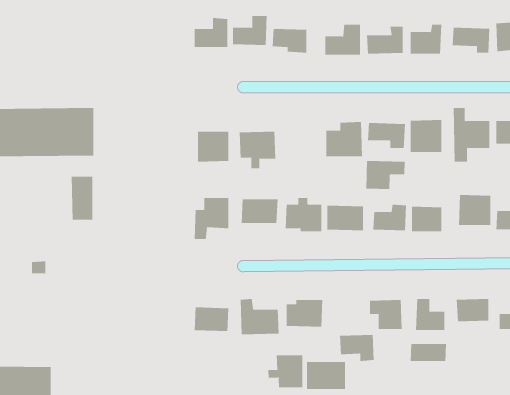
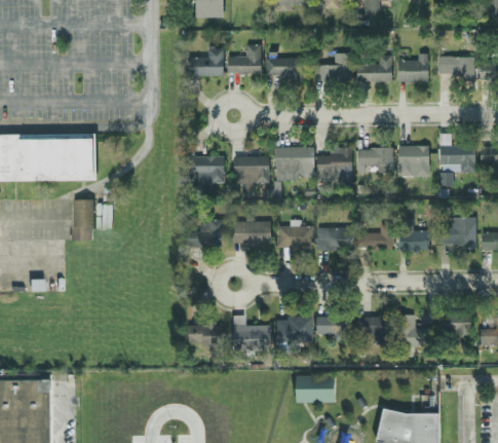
building: none -> [273,146,312,180]
building: [366,160,405,190] -> none
building: [339,335,374,361] -> [316,317,350,342]
building: [410,343,446,362] -> none
building: [268,354,303,388] -> none

